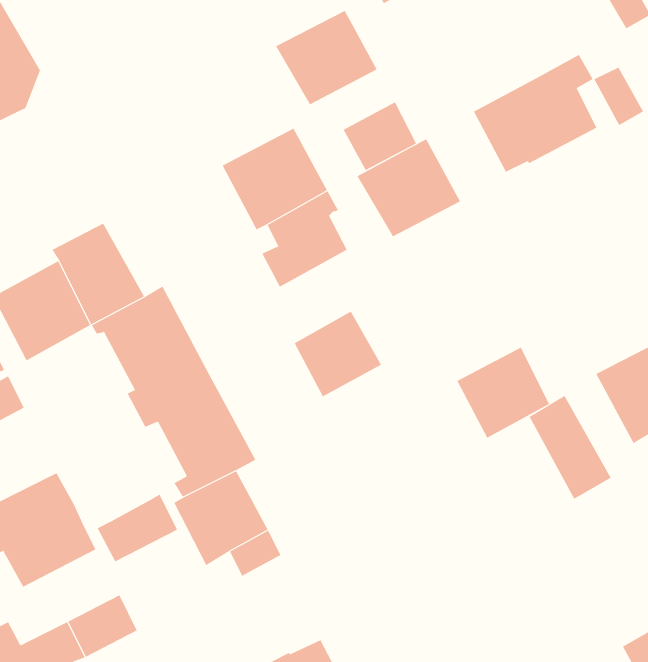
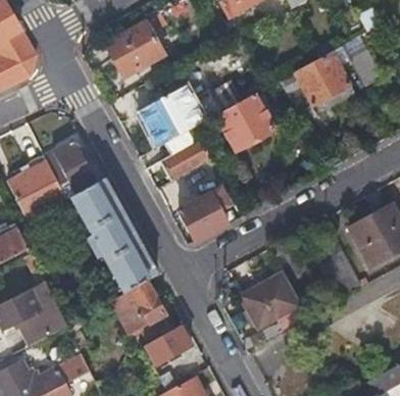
building: [275,10,378,105] -> [107,20,165,75]
building: [343,102,417,171] -> none
building: [456,347,550,438] -> [245,273,298,325]
building: [97,494,178,562] -> [142,327,188,365]

